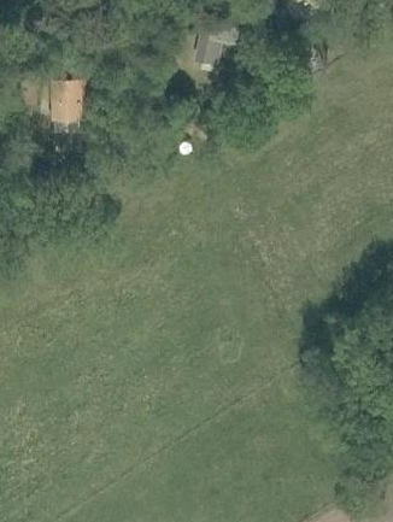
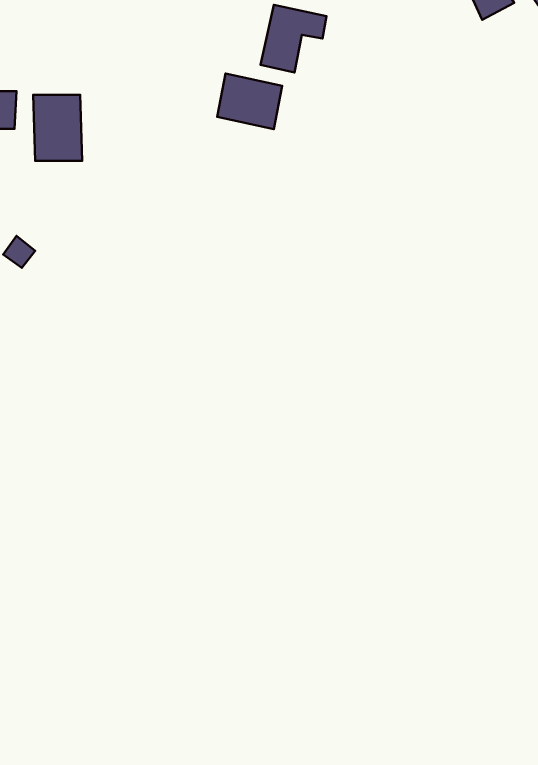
building: none -> [217,74,282,129]

